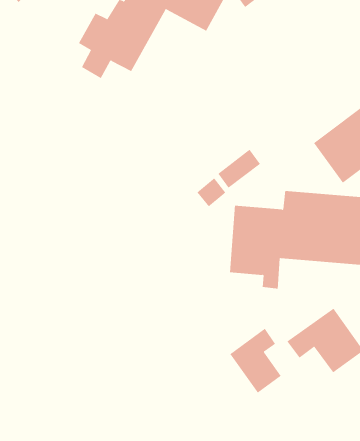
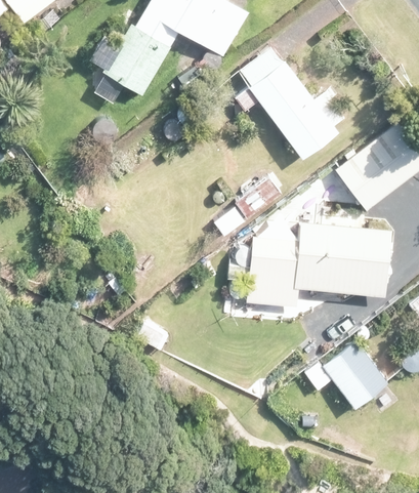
building: none -> [237,46,338,156]
building: [229,328,282,393] -> none

